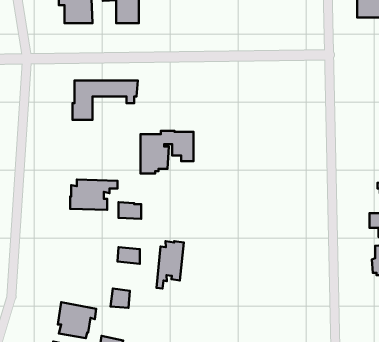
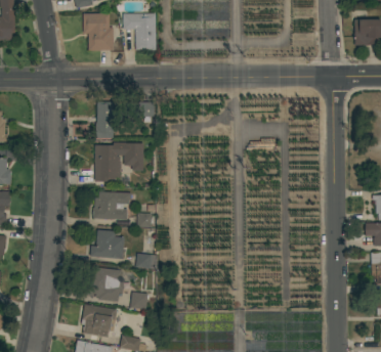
building: [141,131,193,173] -> [95,143,143,182]
building: none -> [90,229,125,259]
building: [156,241,184,289] -> none
building: none -> [85,267,124,302]

